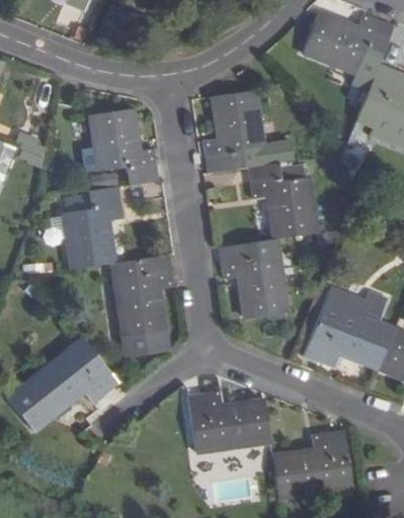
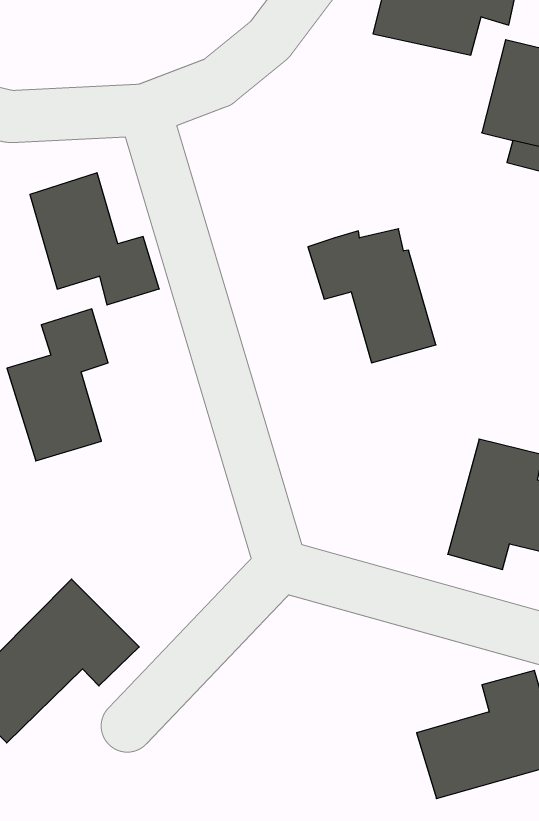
building: [203,91,263,172] -> none
building: [218,239,284,319] -> none
building: [114,253,174,354] -> none
building: [187,391,268,449] -> none

